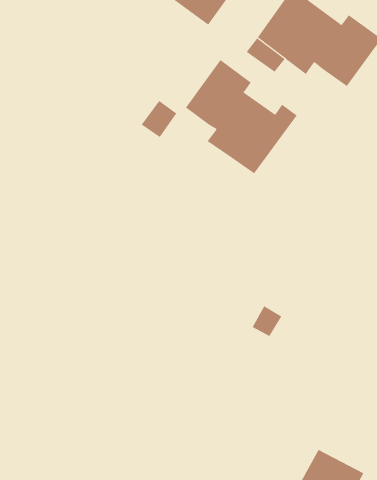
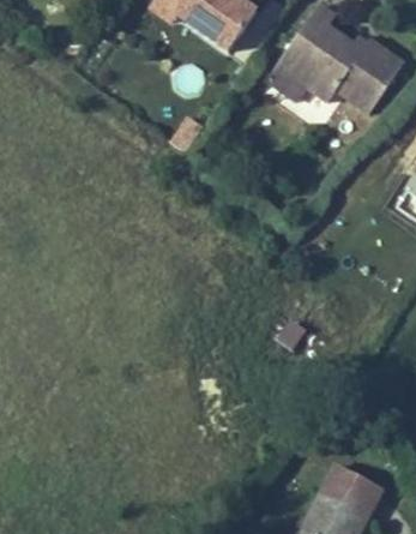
building: [185,59,298,174] -> none

